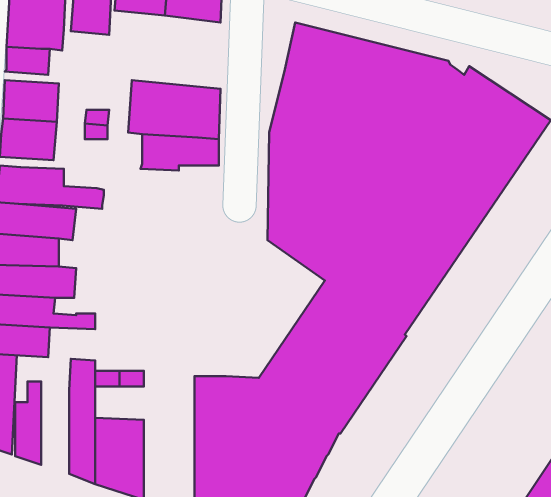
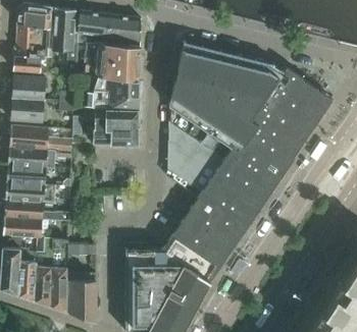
building: none -> [75,43,140,81]
building: none -> [92,126,137,146]
building: none -> [35,258,51,307]

